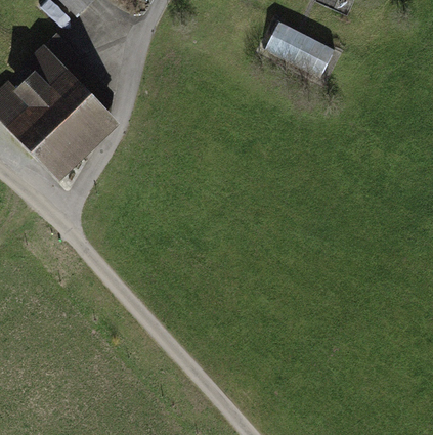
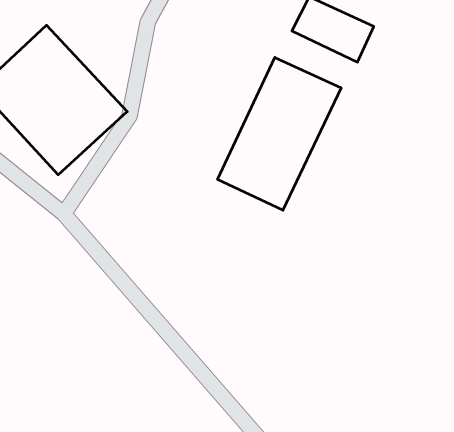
building: none -> [218,57,341,210]

